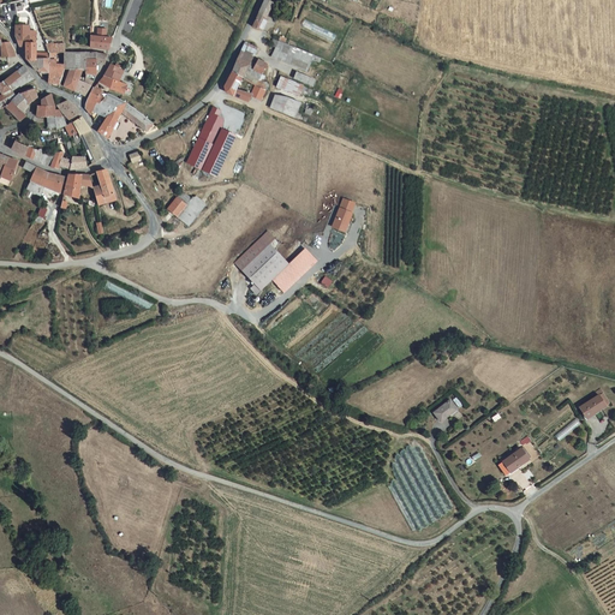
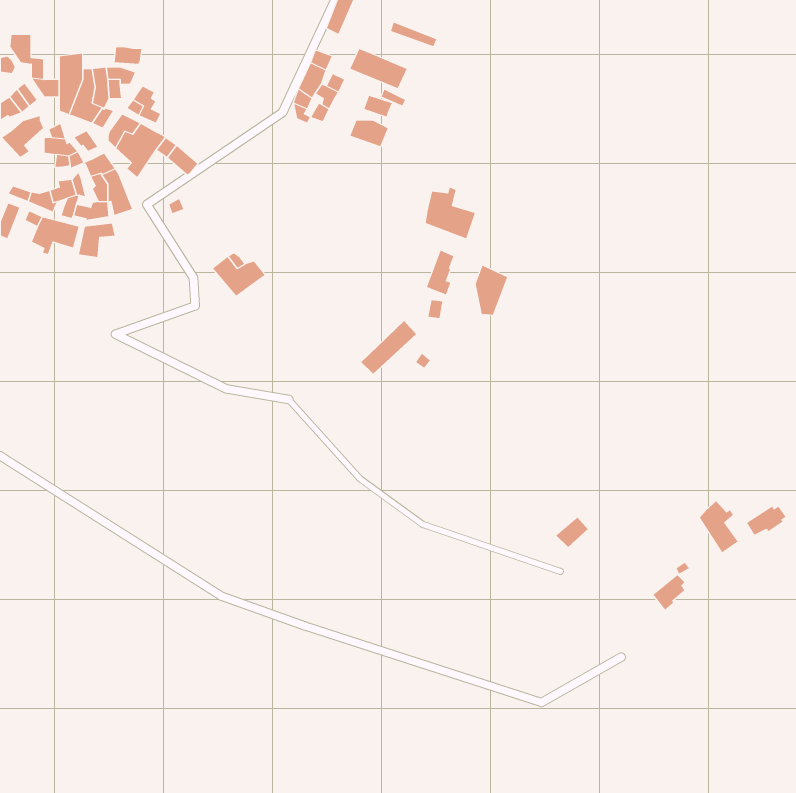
building: [187,105,238,173] -> none
building: none -> [425,187,475,239]
building: [91,168,115,204] -> none
building: none -> [475,265,508,316]
building: [240,227,293,291] -> none
building: none -> [699,501,738,553]

